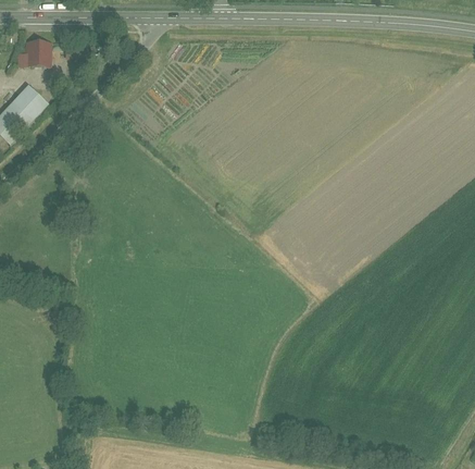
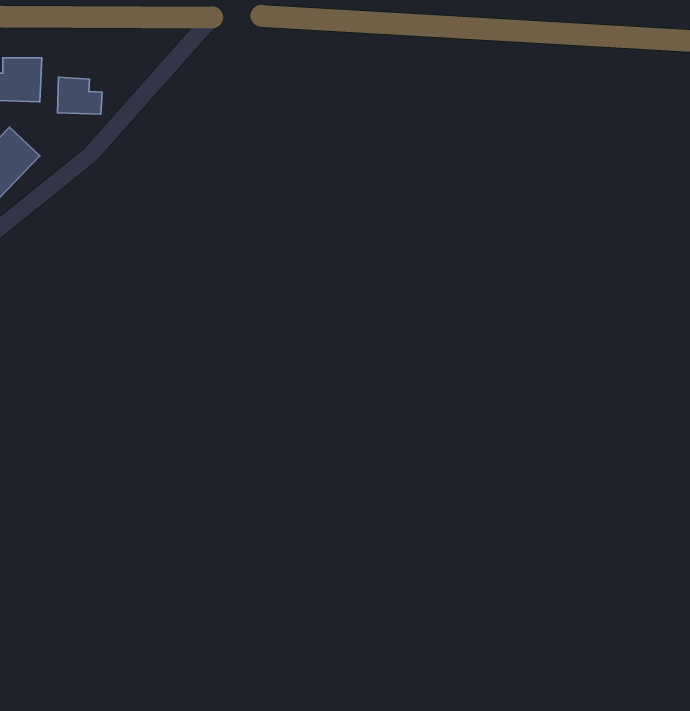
building: none -> [58,77,102,114]

